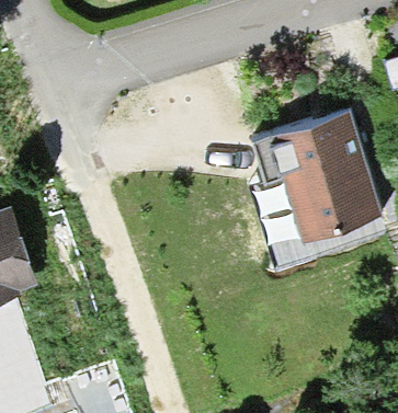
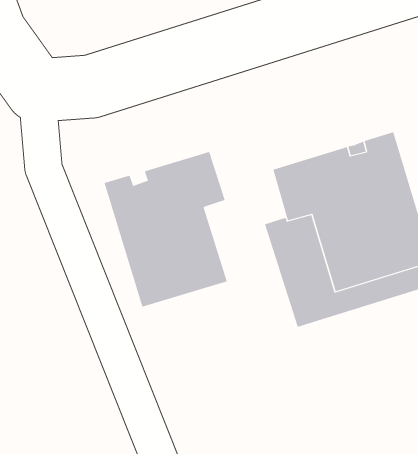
building: none -> [104,151,227,308]

